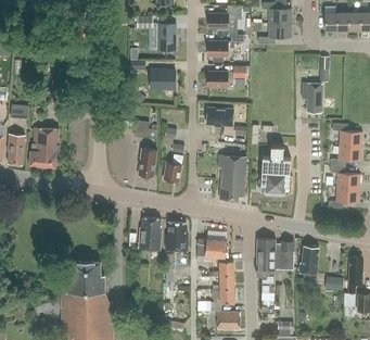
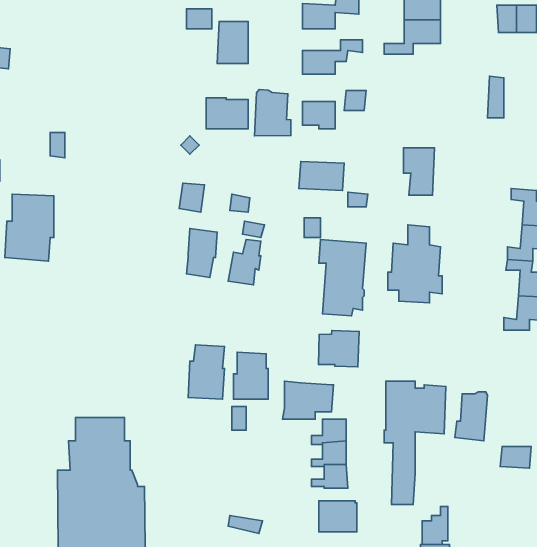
building: none -> [255,90,291,136]
building: [303,84,321,112] -> [404,148,434,195]
building: none -> [319,330,359,367]

